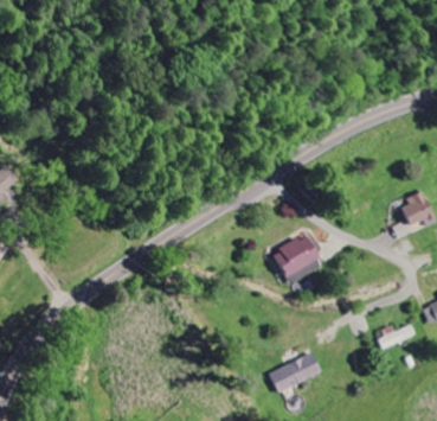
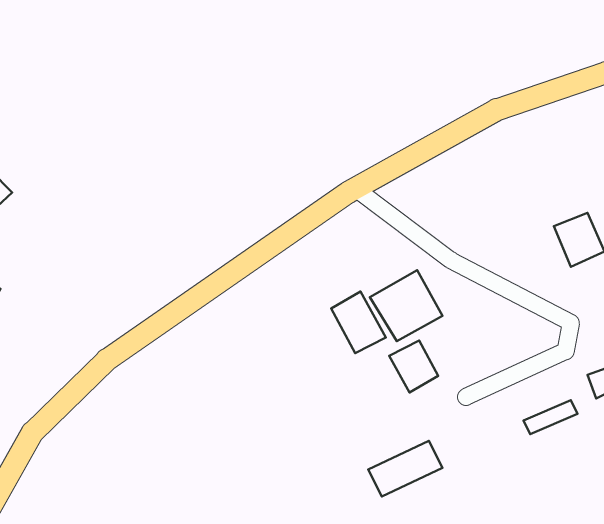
building: none -> [331,292,386,353]
building: none -> [389,340,438,393]

